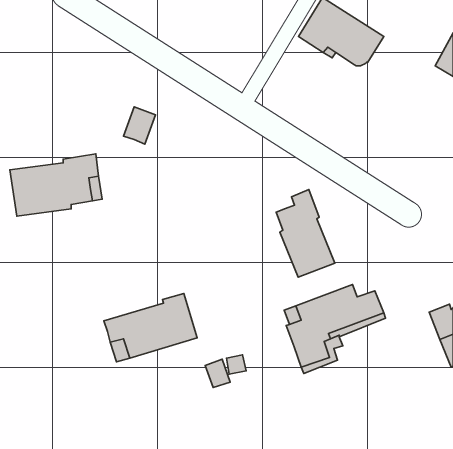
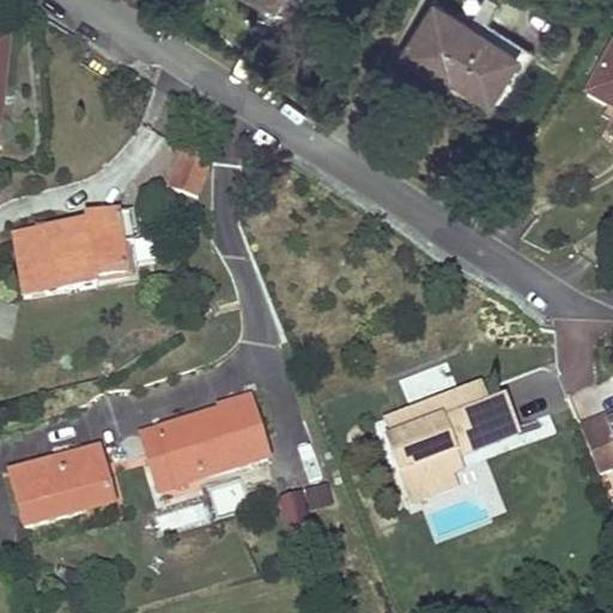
building: [276,189,335,277] -> none
building: none -> [10,445,114,527]

